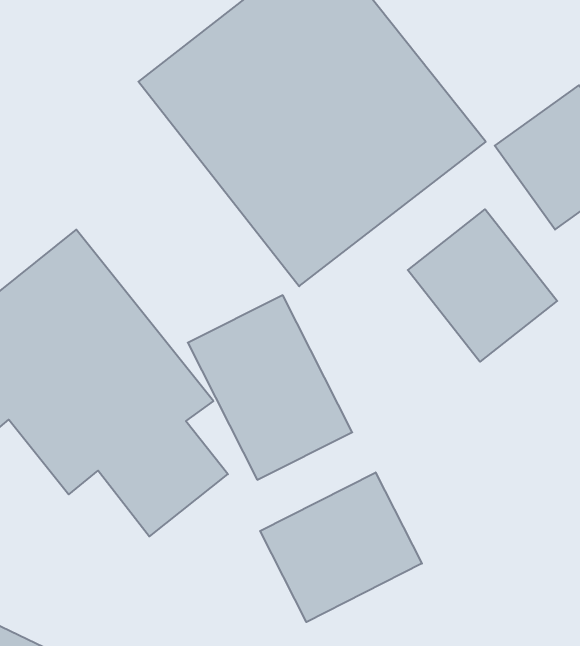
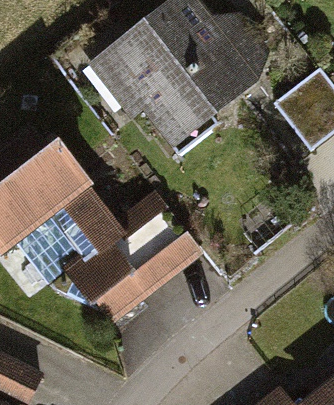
building: [408,209,557,362] -> none
building: [260,472,422,622] -> none

